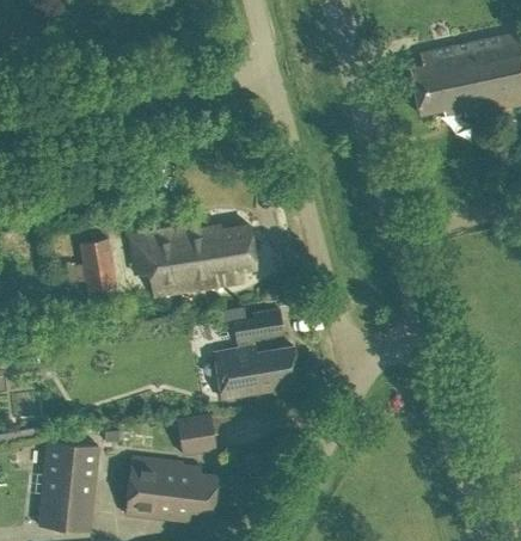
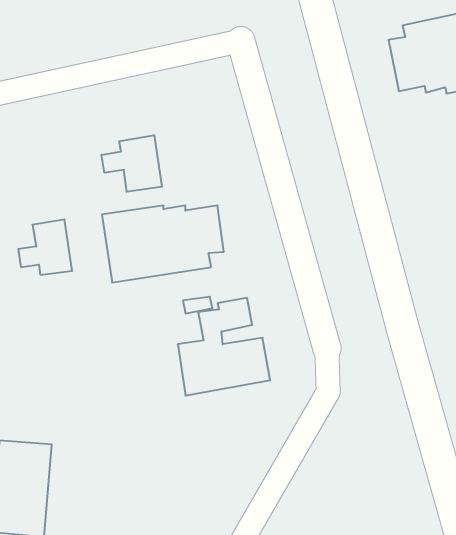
building: none -> [101,135,162,192]
building: [174,414,215,454] -> none
building: [124,456,215,520] -> none

